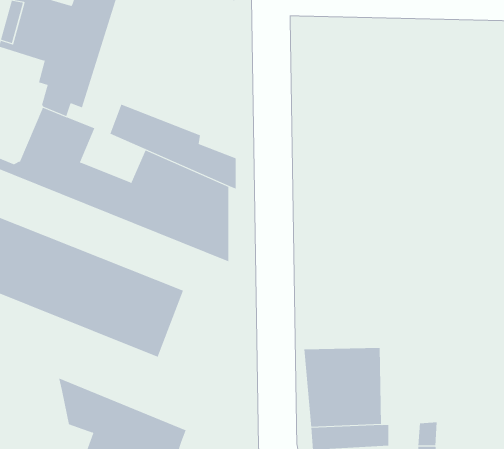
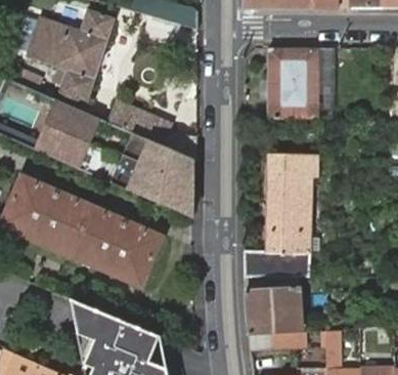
building: none -> [267,46,333,117]
building: none -> [245,152,318,277]

